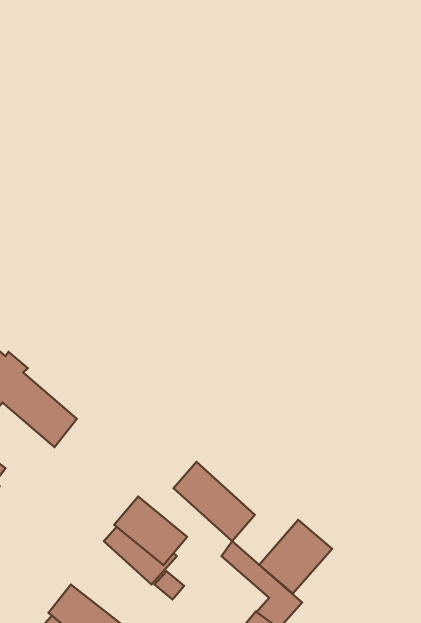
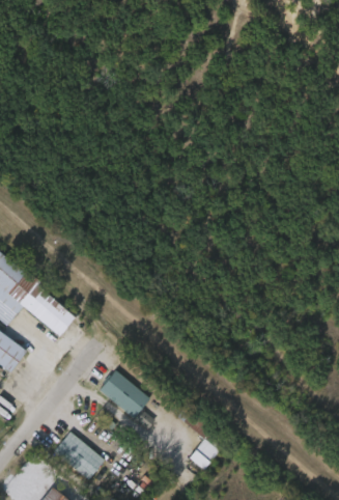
building: [174,462,255,541] -> none
building: [259,520,332,594] -> none

